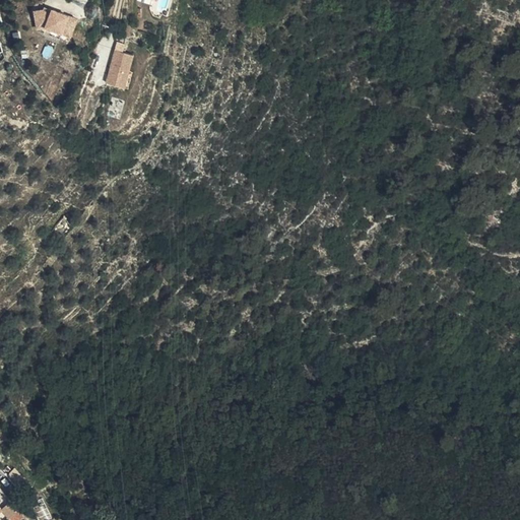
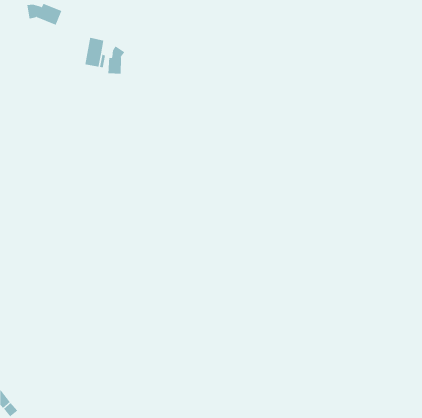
building: none -> [108,45,125,74]

